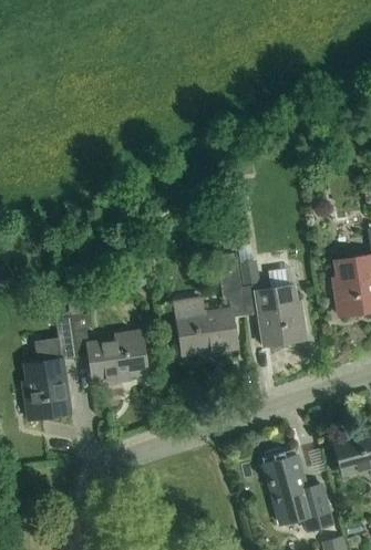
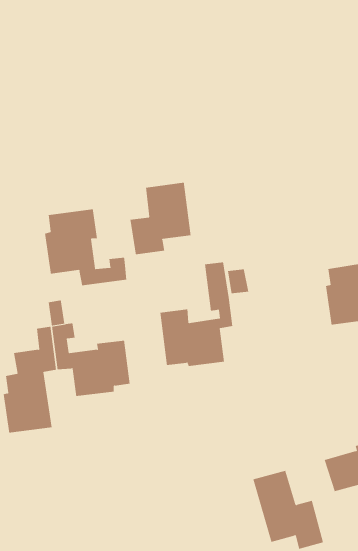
building: none -> [130,182,191,255]
building: none -> [44,209,127,286]
building: [241,286,307,346] -> none

